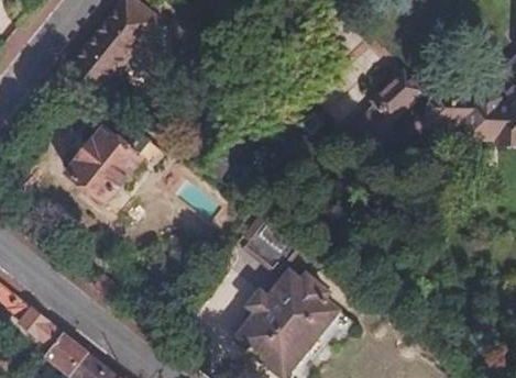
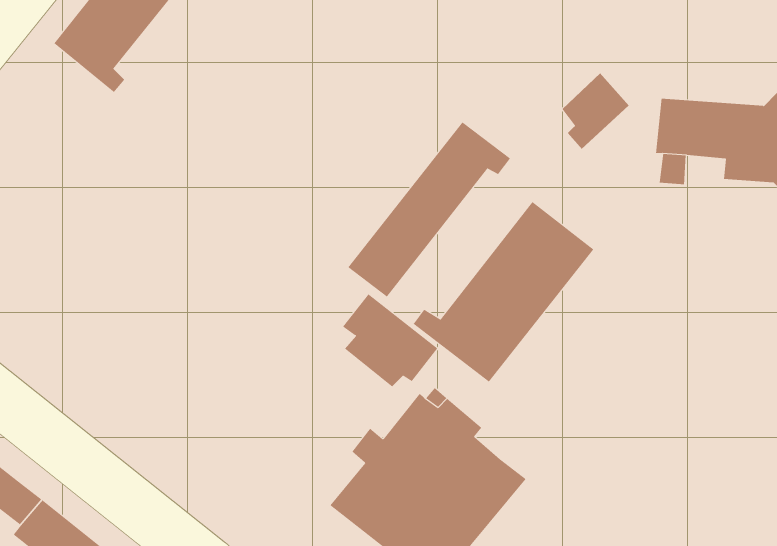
building: none -> [347,122,511,298]
building: [67,118,147,200] -> none
building: none -> [413,201,594,383]

